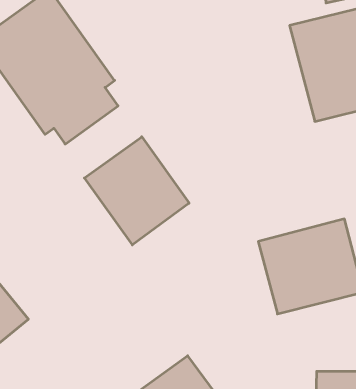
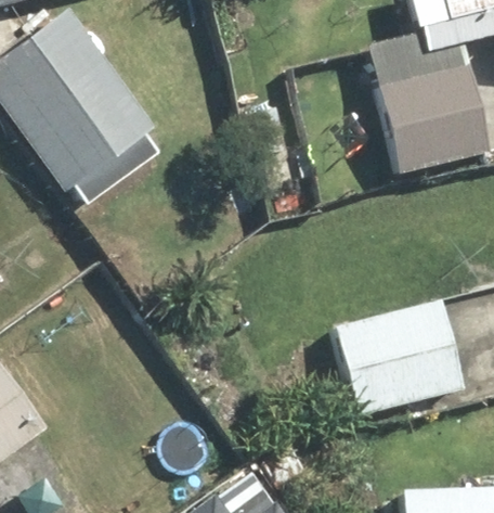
building: [84,137,189,245] -> none

